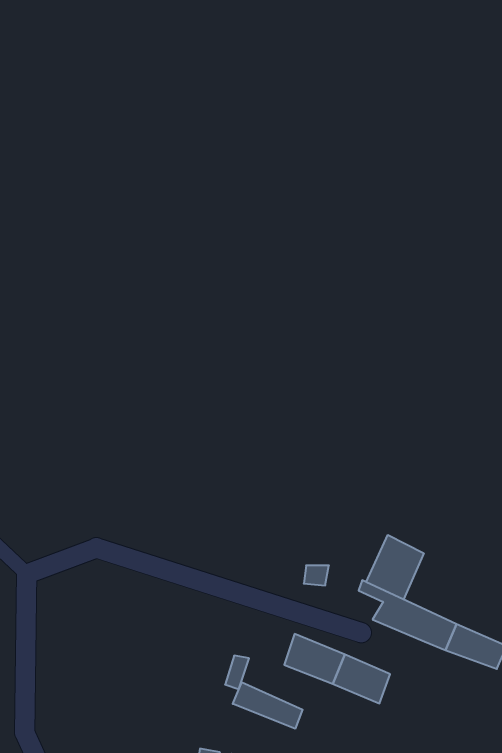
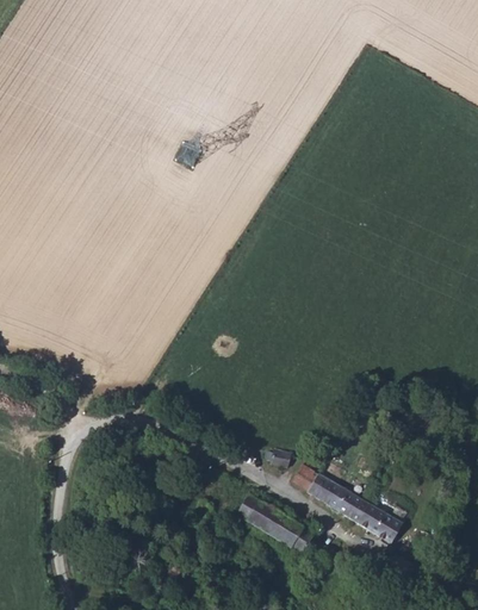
building: [366,535,424,599] -> none
building: [233,682,303,729] -> none

